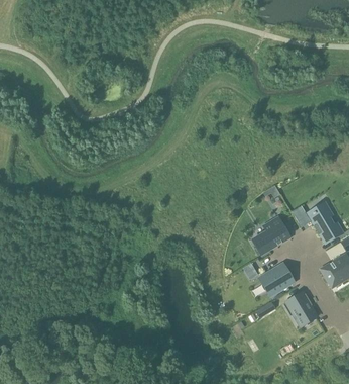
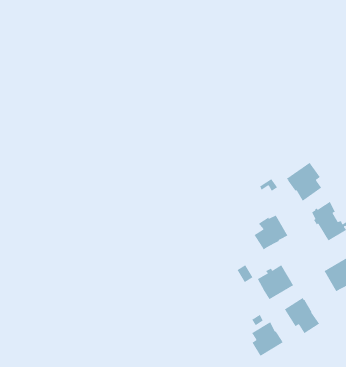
building: none -> [286,162,322,202]
building: none -> [251,321,284,357]

